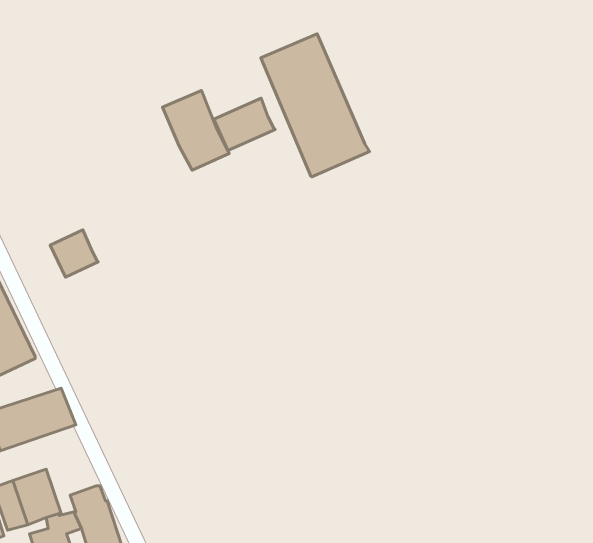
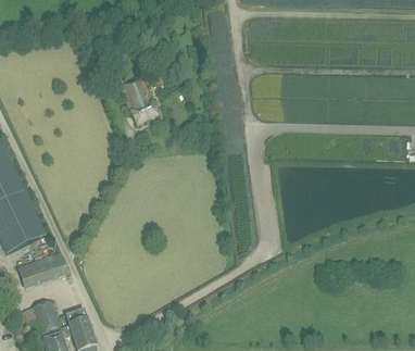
building: [261,34,370,177] -> none
building: [214,98,275,150] -> none
building: [50,230,98,277] -> none

